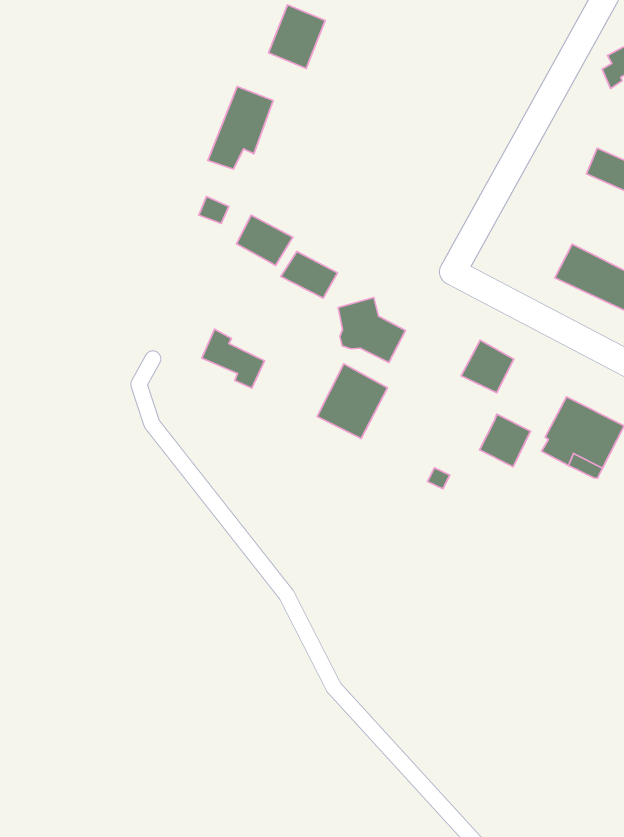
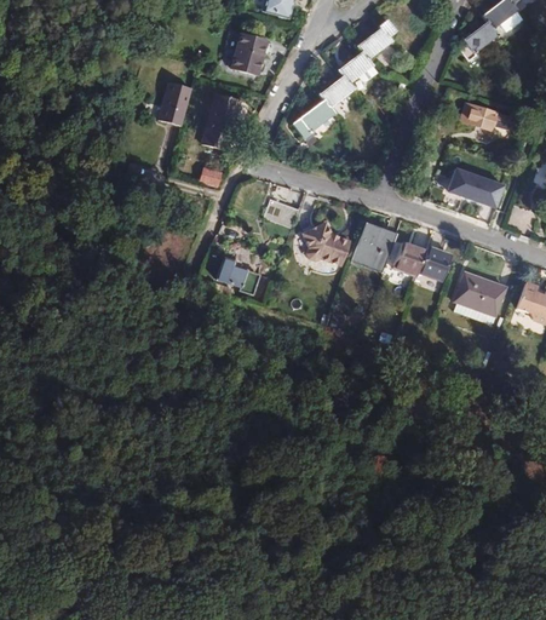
building: none -> [292,19,396,139]
building: none -> [159,81,192,126]
building: [237,215,293,265] -> none
building: [317,364,388,438] -> [351,223,396,271]
building: [479,414,531,467] -> [419,246,452,280]

